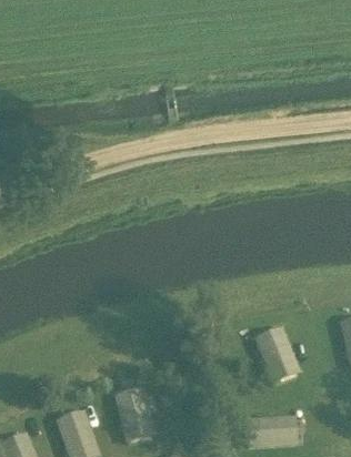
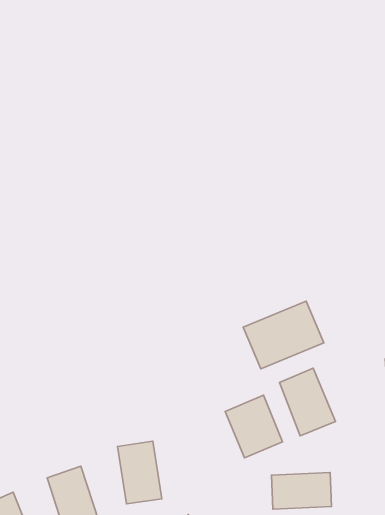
building: none -> [243,301,324,369]
building: none -> [225,395,283,458]

